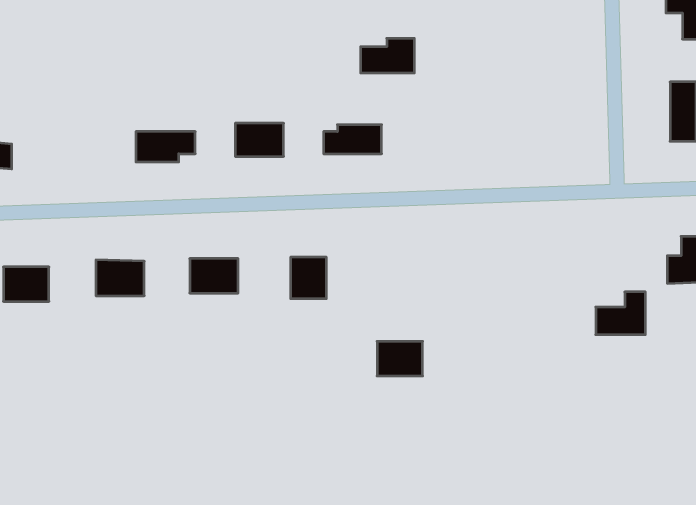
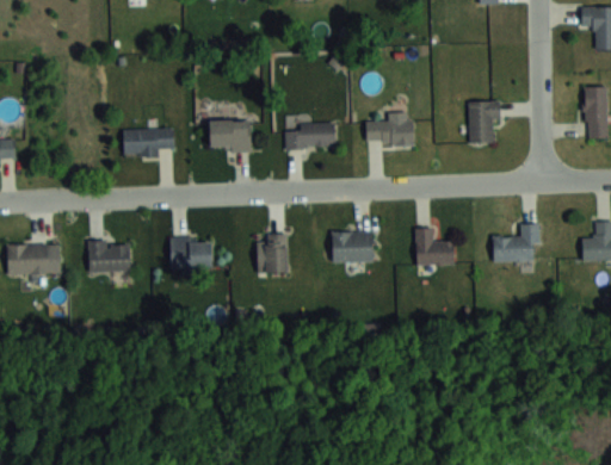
building: [361,38,414,73] -> [366,114,413,144]
building: none -> [470,101,500,143]
building: none -> [415,228,455,265]
building: [596,292,645,335] -> [494,223,537,260]
building: [377,341,423,376] -> [333,231,372,261]

